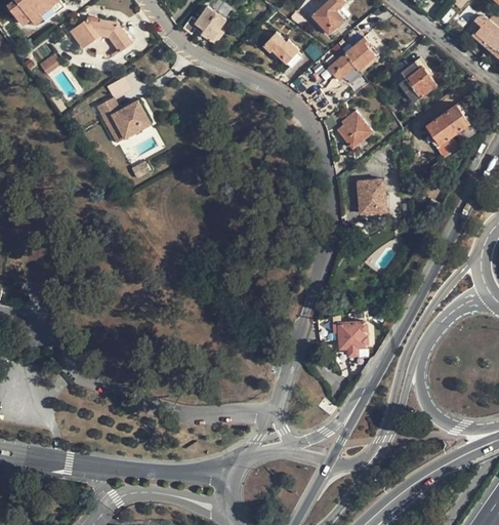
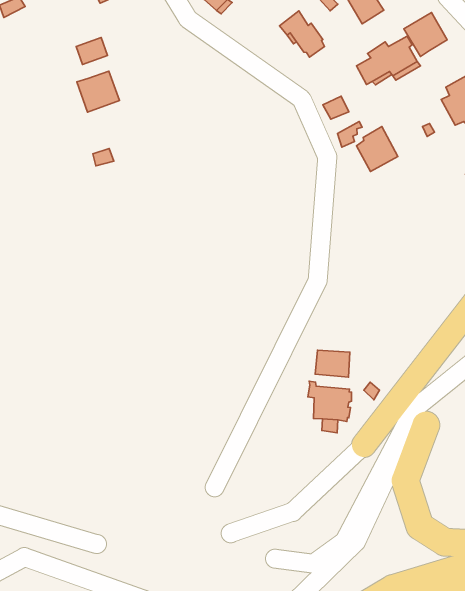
building: none -> [404,13,447,57]
building: [97,100,123,143] -> none
building: [355,178,387,216] -> none
building: none -> [315,350,350,377]

